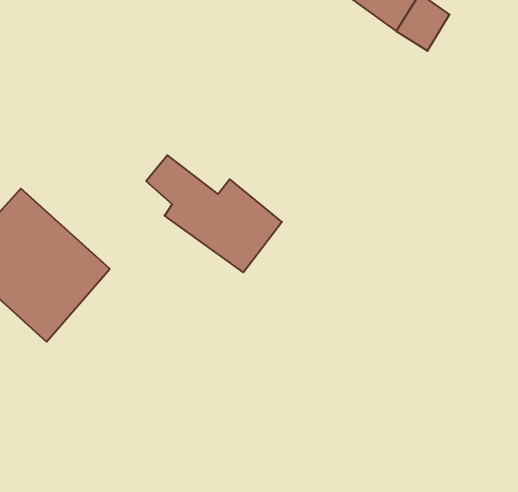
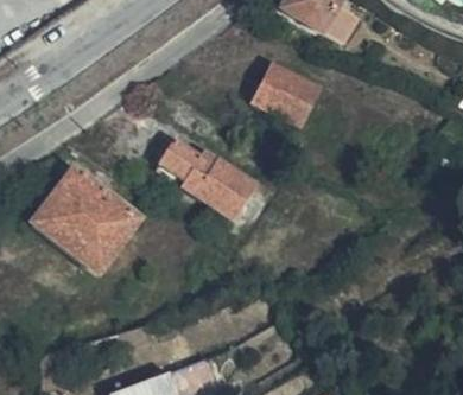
building: none -> [250,64,321,127]

